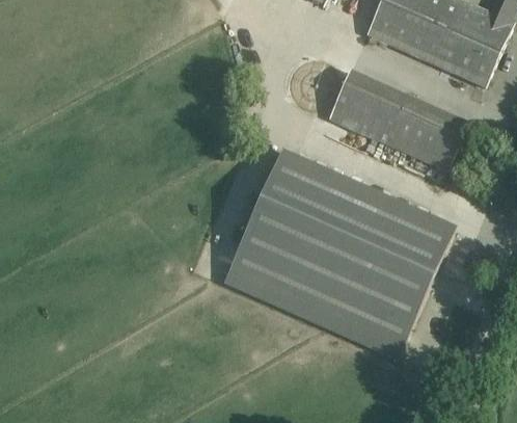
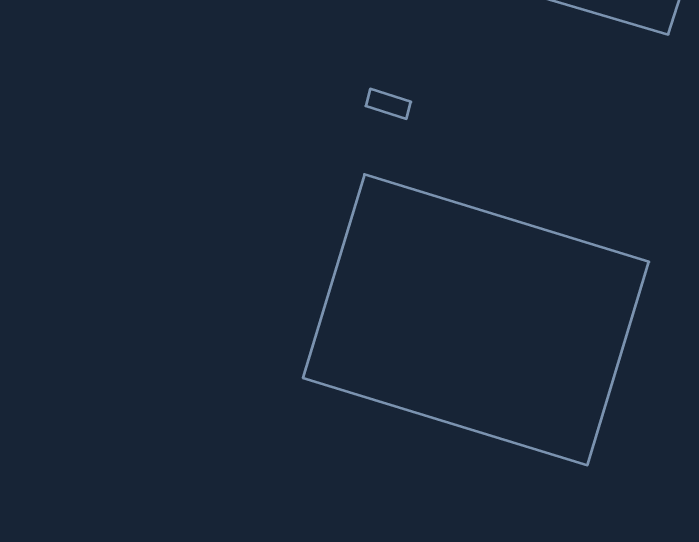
building: [327,71,468,170] -> none

